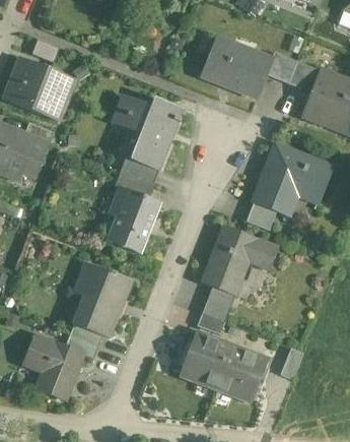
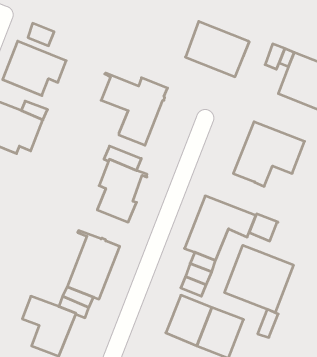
building: [265,51,296,82] -> none
building: [120,154,158,184] -> none
building: [246,200,277,230] -> [249,214,278,241]
building: none -> [225,245,293,312]

